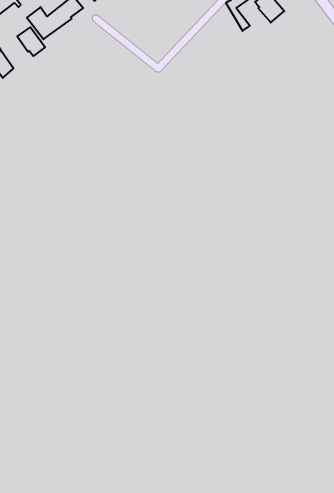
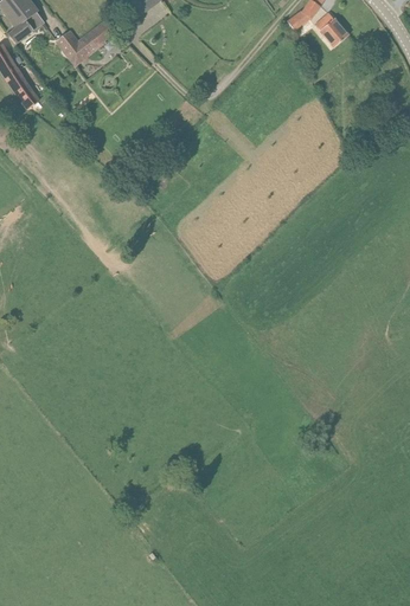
building: [17,27,45,56] -> none

